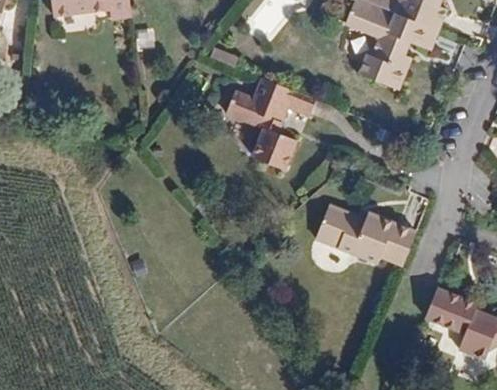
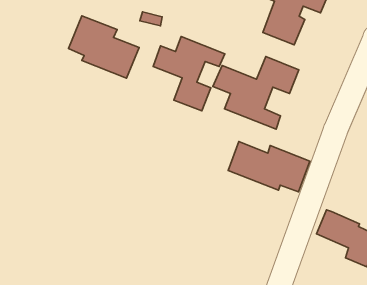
building: none -> [68,16,139,78]
building: none -> [213,56,299,129]

